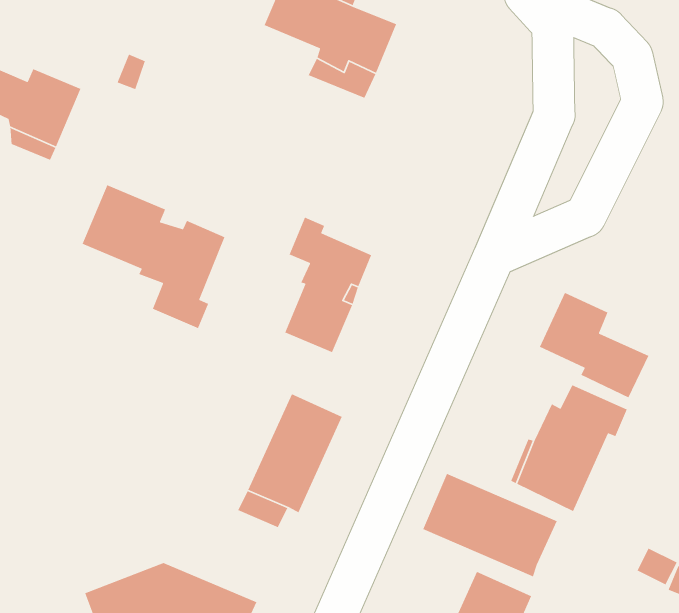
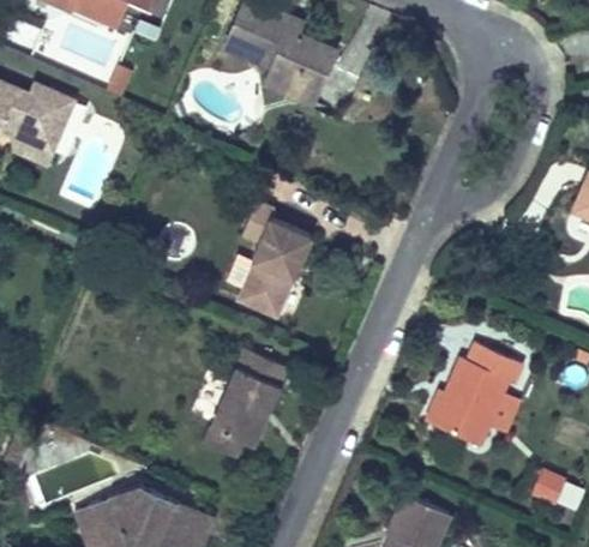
building: [81,184,226,329] -> none
building: [539,292,650,399] -> none
building: [422,473,558,578] -> none

